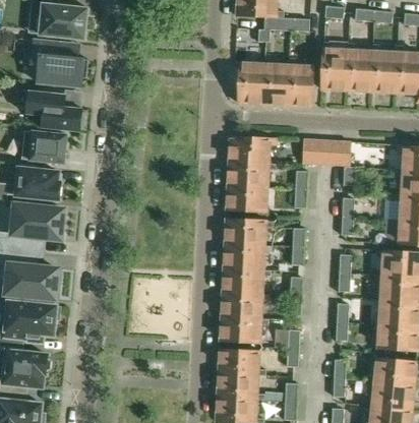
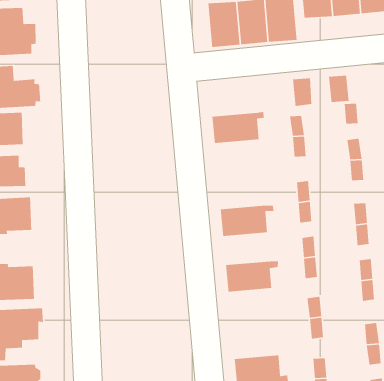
building: [229,136,278,164] -> none
building: [227,186,267,214] -> none
building: [225,218,273,245] -> none
building: [223,267,271,294] -> none
building: [220,316,267,344] -> none
building: [219,349,265,376] -> none

